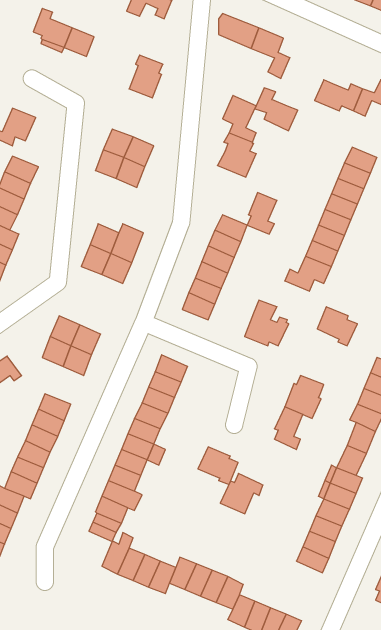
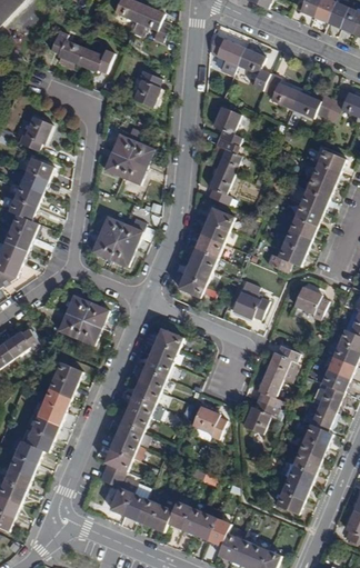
building: [255,88,298,131] -> [262,72,299,109]
building: [247,193,277,234] -> [207,168,232,203]
building: [220,473,263,514] -> [241,399,278,434]

